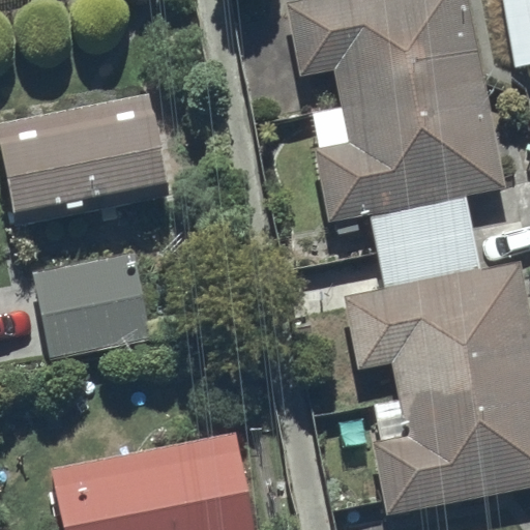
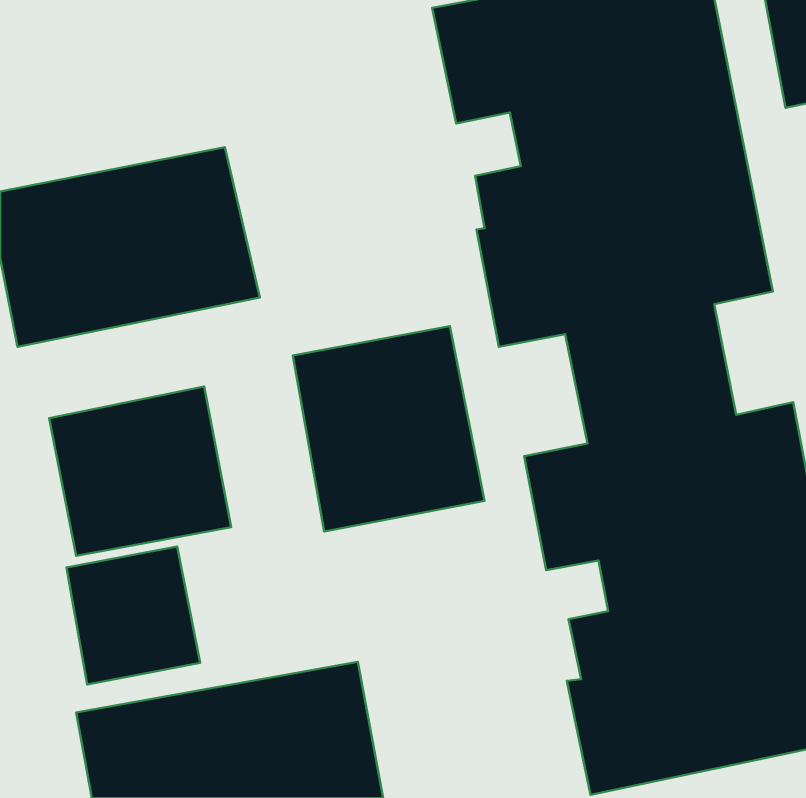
building: none -> [293,326,485,531]
building: none -> [66,547,200,684]

